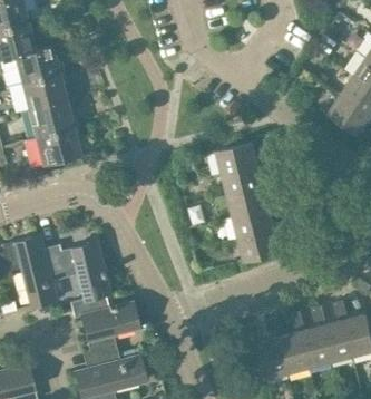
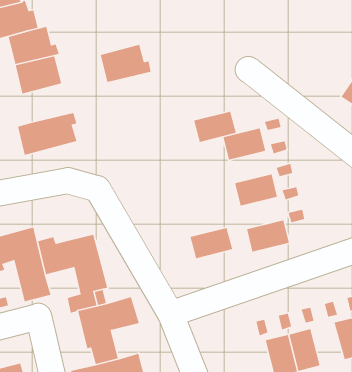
building: [27,101,76,138] -> [100,44,152,83]
building: [222,165,263,195] -> [193,111,237,143]
building: [233,208,274,239] -> [189,227,233,259]
building: [300,327,331,368] -> none

